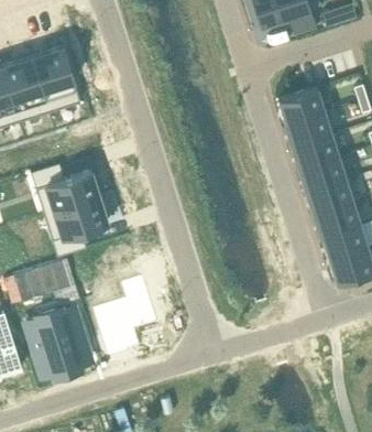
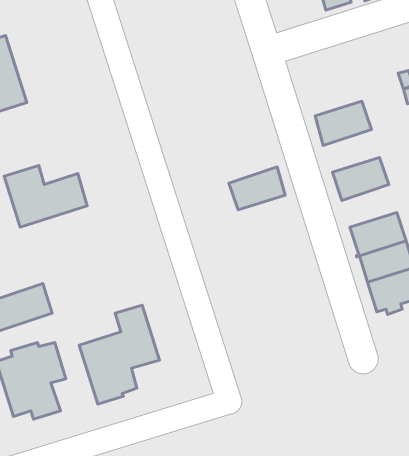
building: [32,46,81,111] -> none
building: [278,87,325,122] -> none
building: [293,133,339,169] -> [229,167,285,210]
building: [308,179,353,214] -> none
building: [44,196,108,256] -> none

